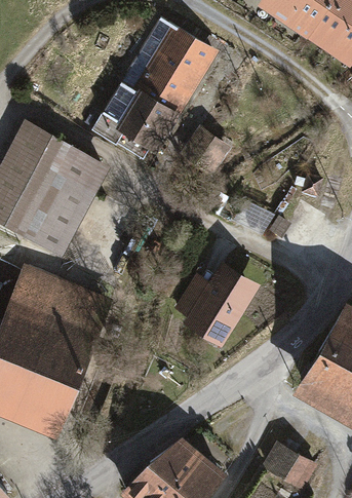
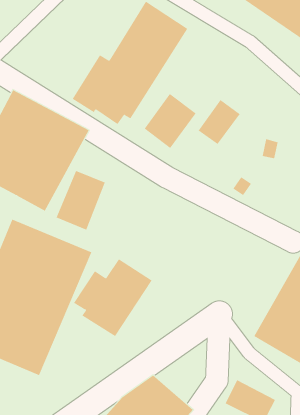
building: none -> [198,99,240,145]
building: none -> [56,170,106,231]
building: [173,261,262,348] -> [73,258,153,337]

